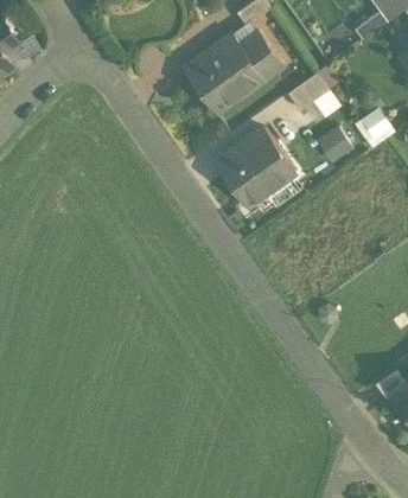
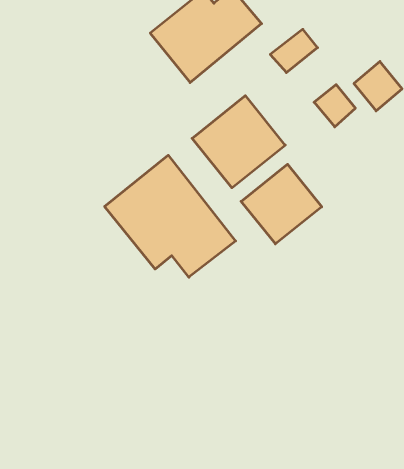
building: none -> [105,155,236,277]
building: none -> [241,164,322,244]

